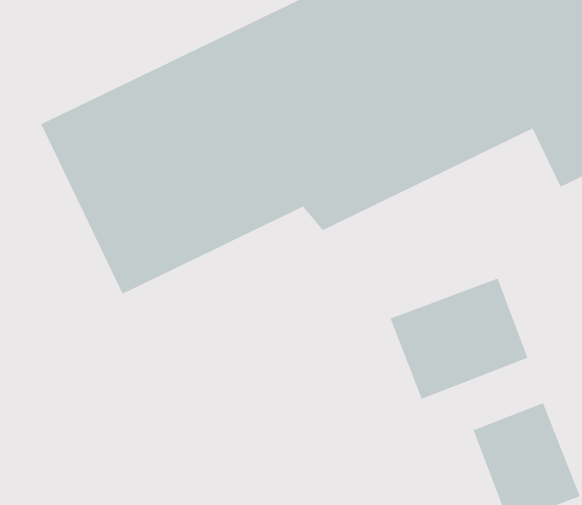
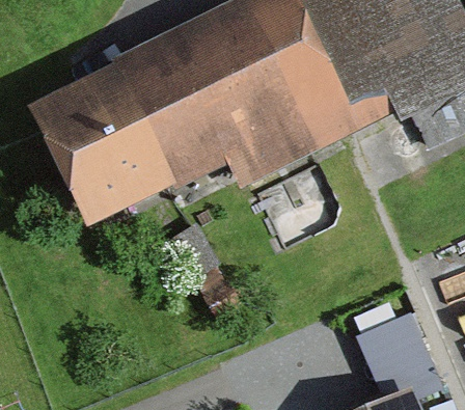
building: [390,278,529,400] -> none

